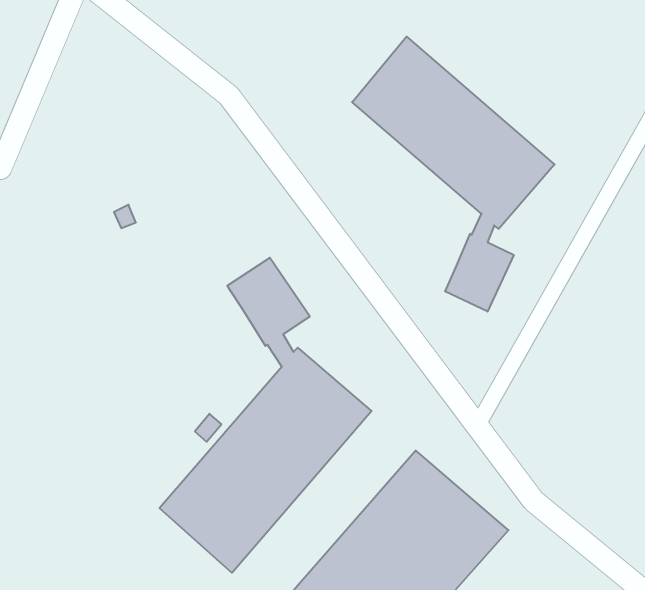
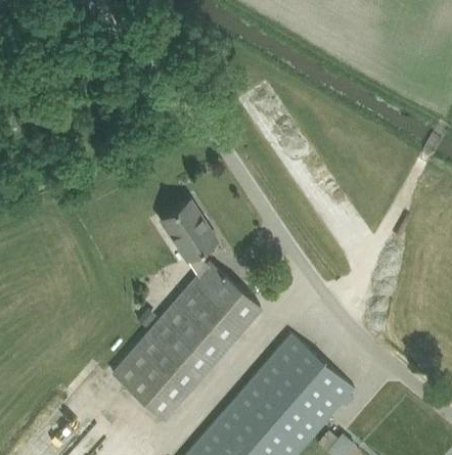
building: [352,37,555,312] -> none

